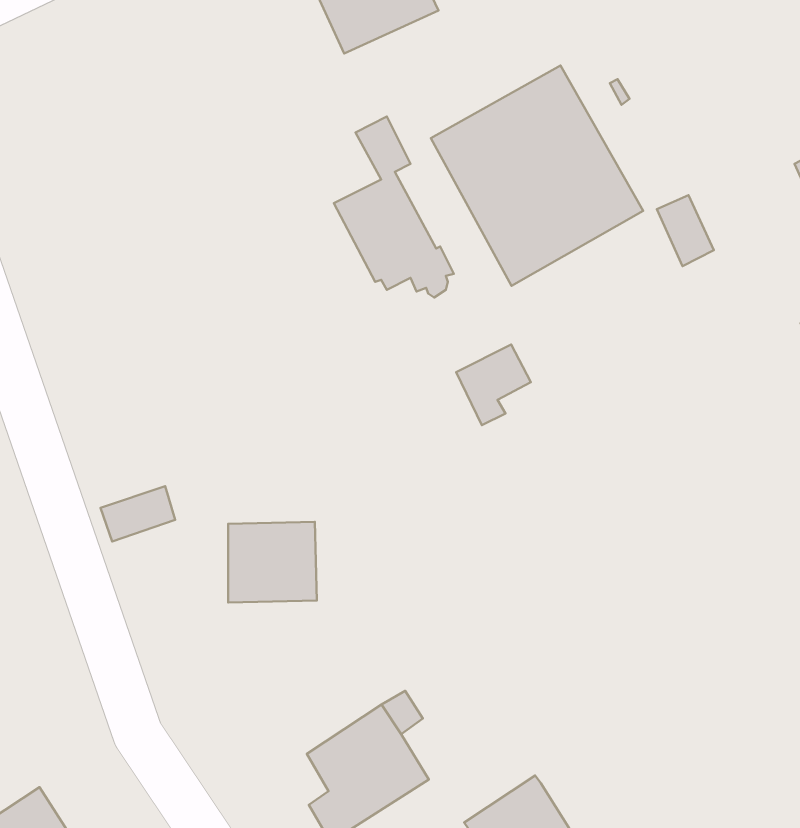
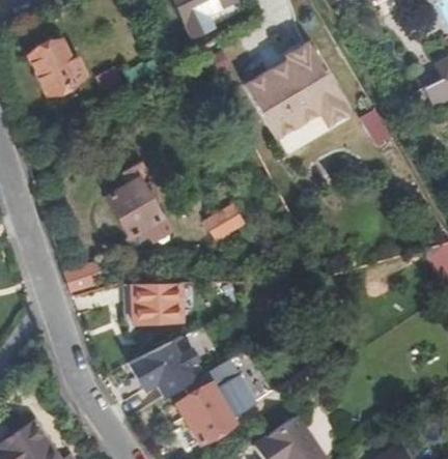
building: none -> [32,40,87,94]
building: [334,117,454,298] -> [110,150,173,246]
building: [456,345,531,425] -> [206,207,246,250]
building: none -> [123,337,200,393]

